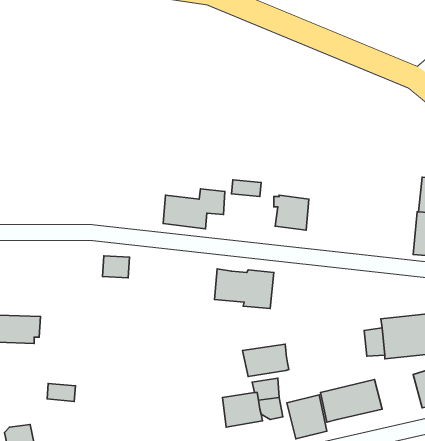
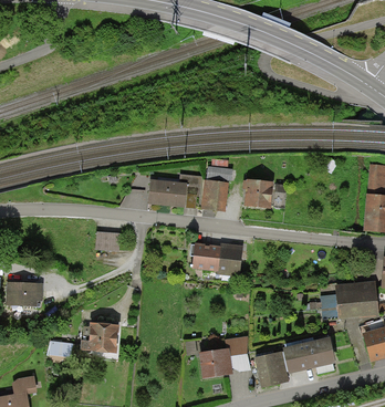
building: none -> [200,178,228,210]
building: [242,344,289,377] -> none
building: none -> [80,321,117,353]

